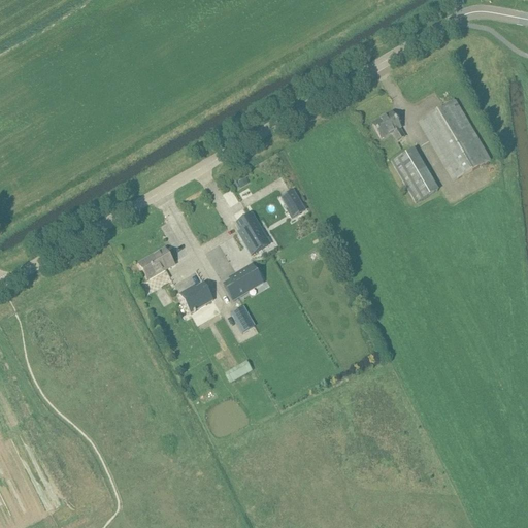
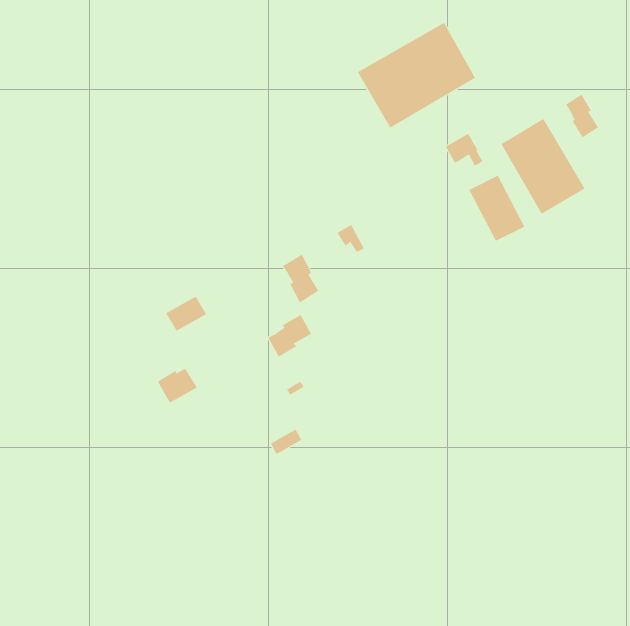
building: none -> [357,22,476,128]
building: none -> [565,94,599,138]
building: [179,282,213,311] -> [157,368,198,404]

